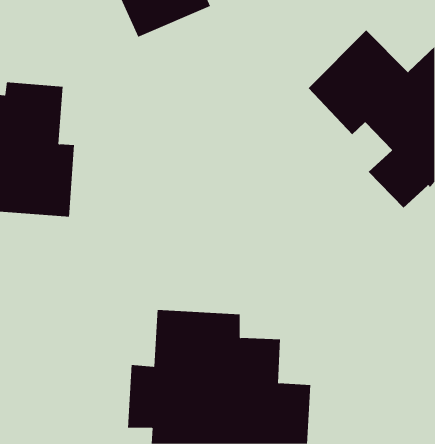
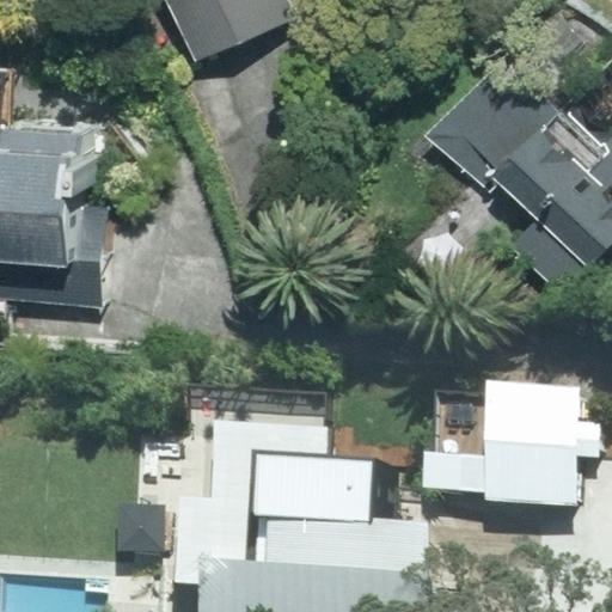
building: none -> [485,387,579,509]

